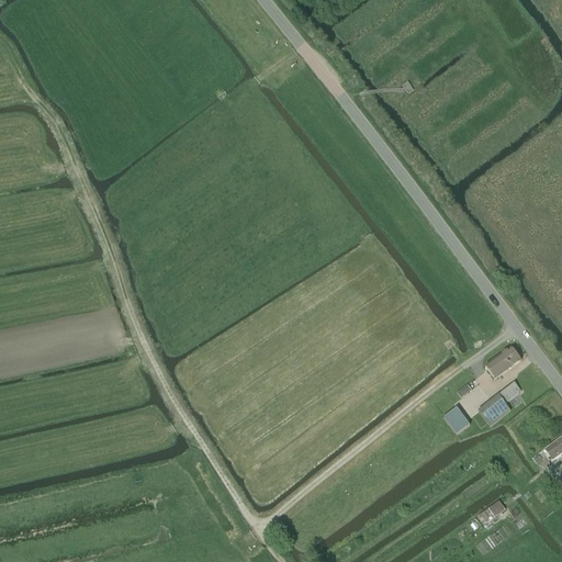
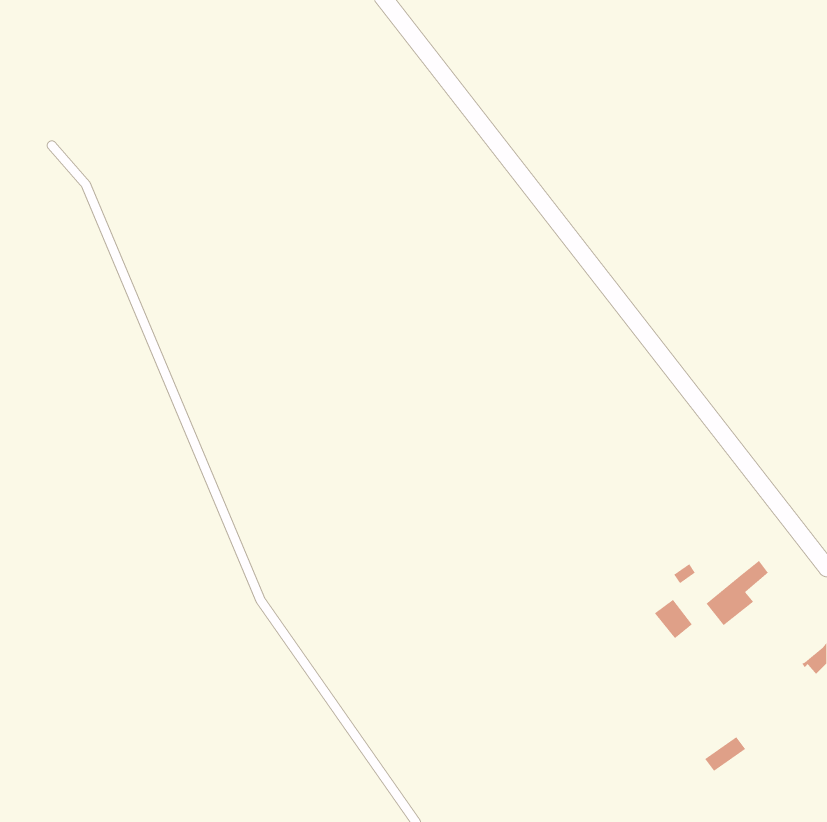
building: [485,346,521,378] -> none

